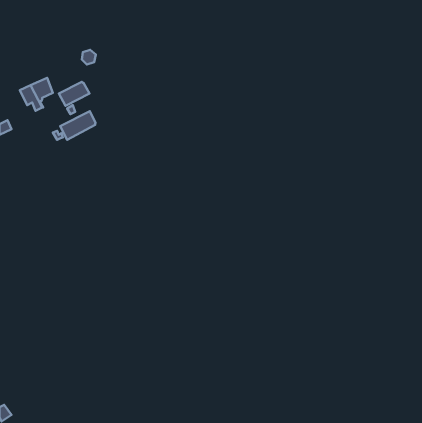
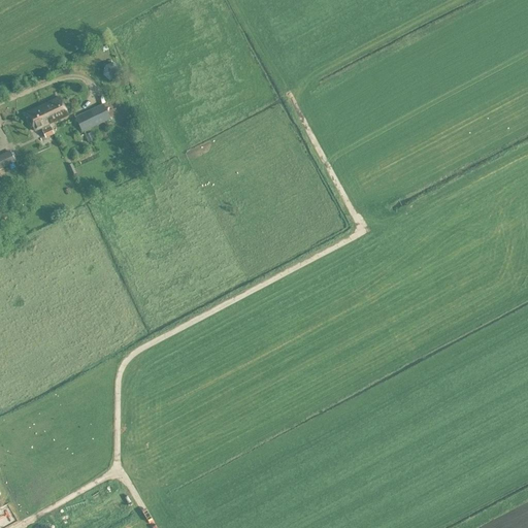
building: [60,111,96,140] -> none

